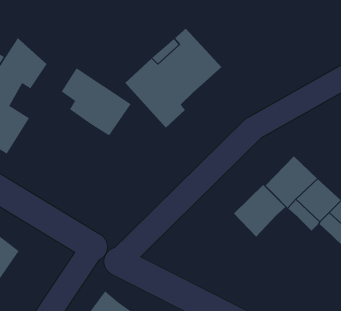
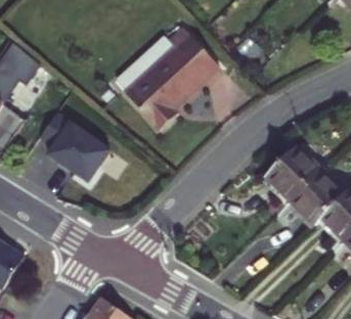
building: [61,68,131,136] -> [44,116,114,183]
building: [233,184,286,237] -> none

